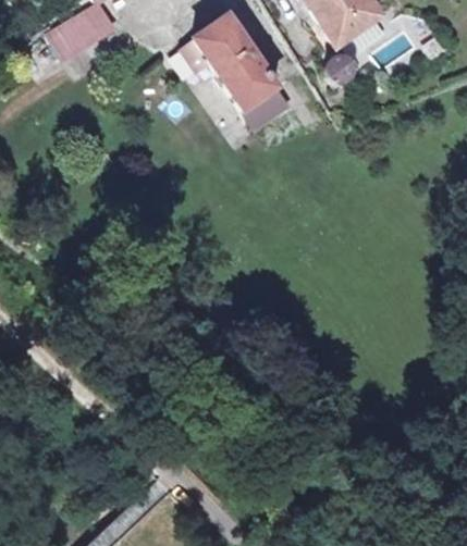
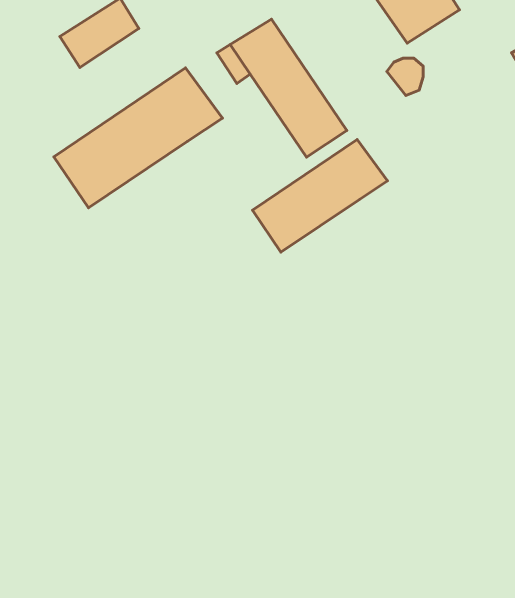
building: none -> [54,68,223,208]
building: none -> [252,140,387,252]

